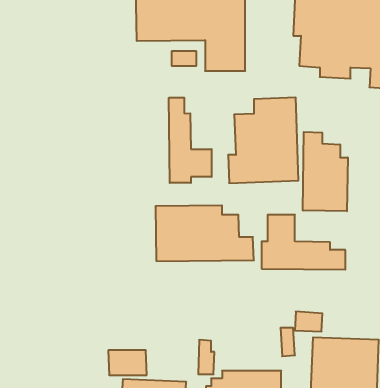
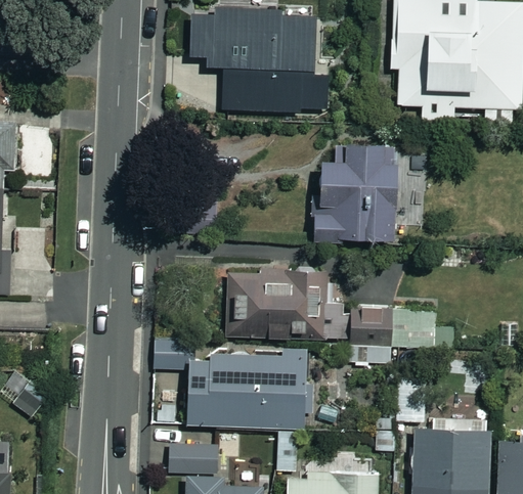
building: [169,98,212,183] -> none
building: [303,132,348,211] -> none
building: none -> [154,336,307,430]

